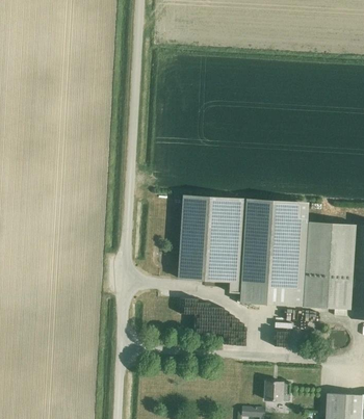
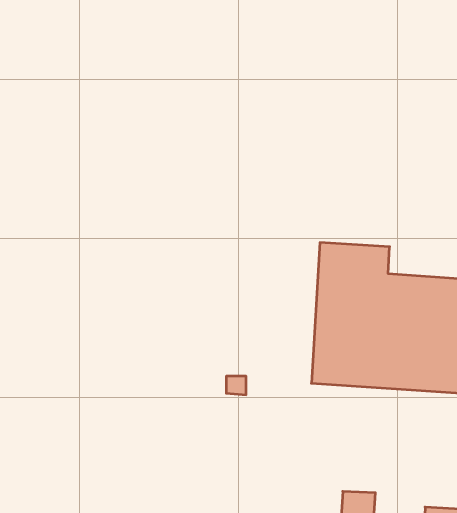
building: [178,195,249,303] -> none

